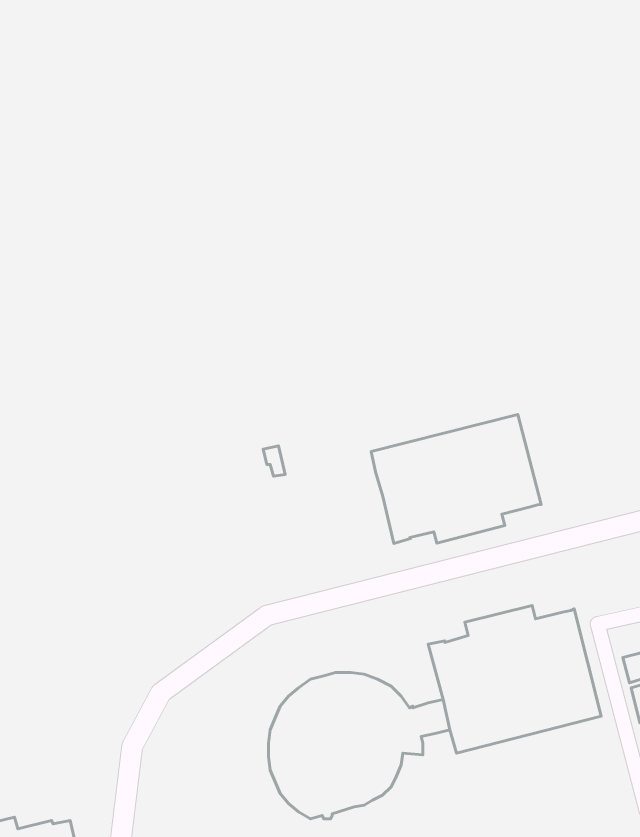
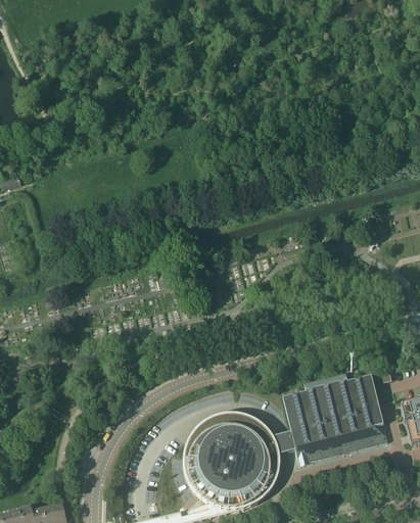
building: [371,414,541,544] -> none

